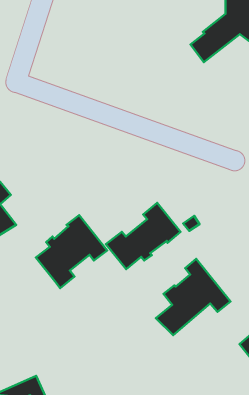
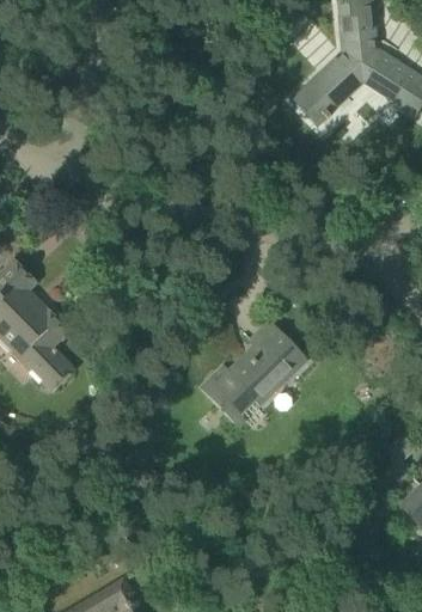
building: [36,215,107,288] -> none
building: [156,259,230,335] -> none

